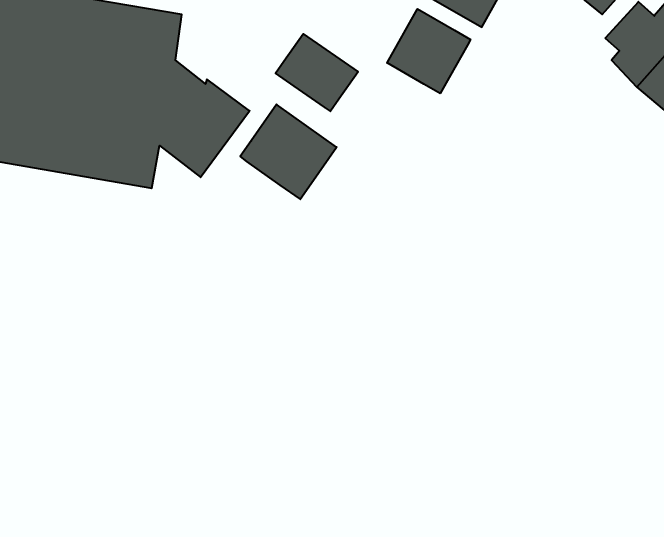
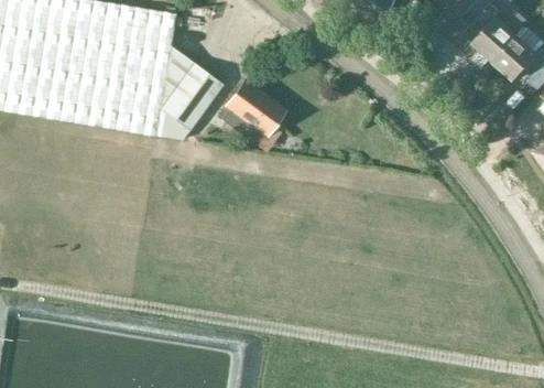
building: [387,9,470,93] -> none
building: [276,34,358,111] -> none

